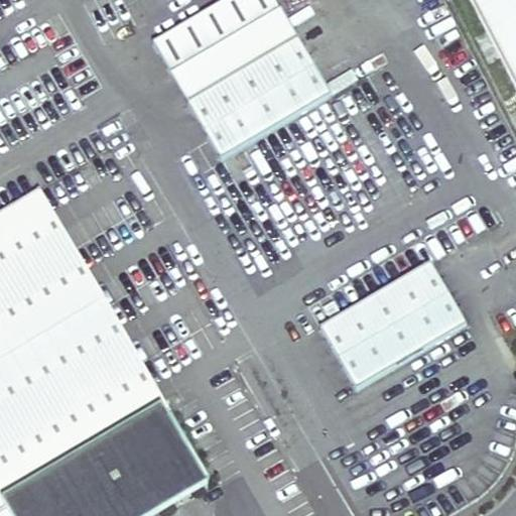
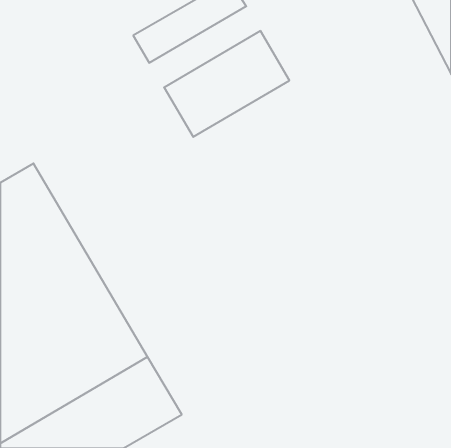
building: [170,7,297,100] -> none
building: [318,261,465,387] -> none

